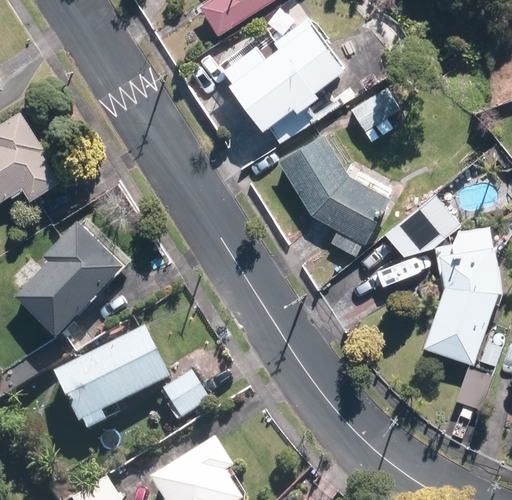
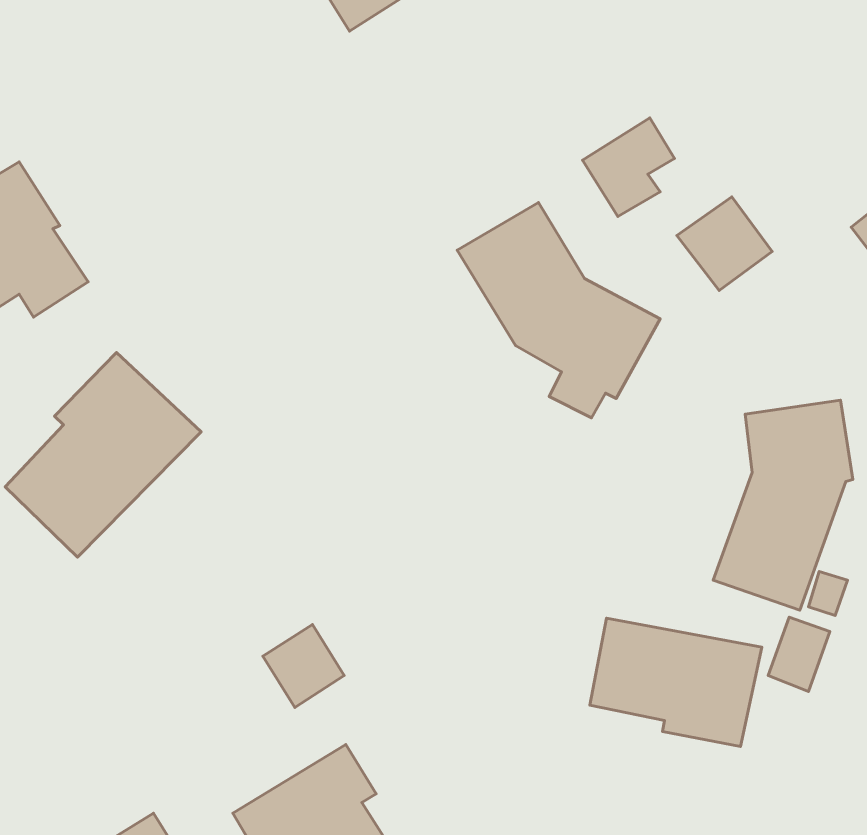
building: [229,22,344,141] -> none
building: [403,198,457,251] -> [677,197,772,290]
building: [57,330,172,432] -> none
building: none -> [590,618,762,746]

